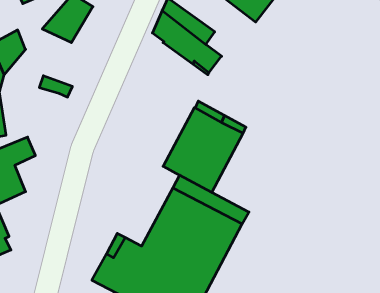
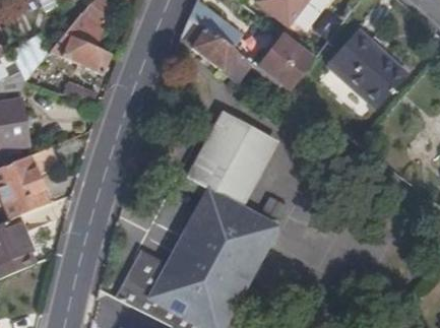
building: none -> [327,27,404,107]
building: none -> [257,32,315,90]
building: none -> [51,34,110,75]

